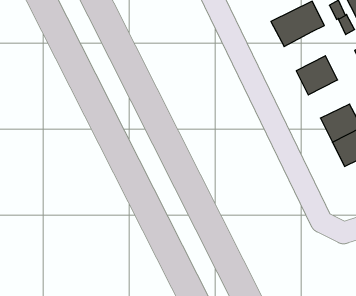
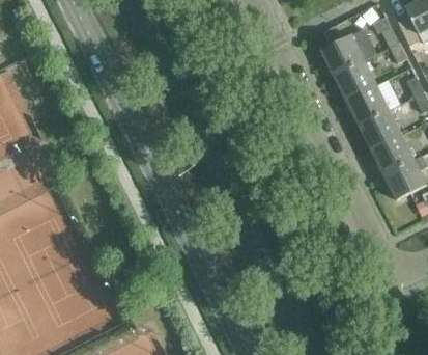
building: none -> [334,59,376,100]
building: none -> [359,109,401,148]

